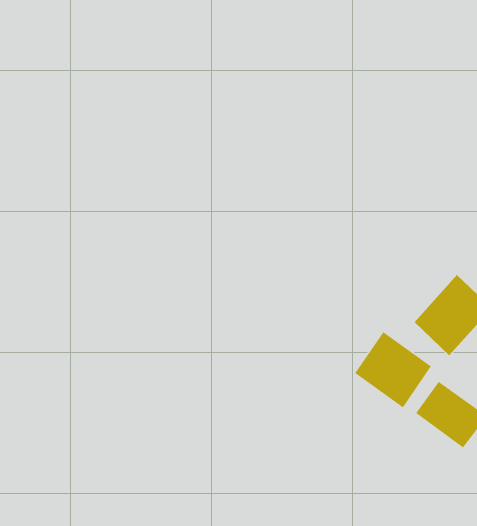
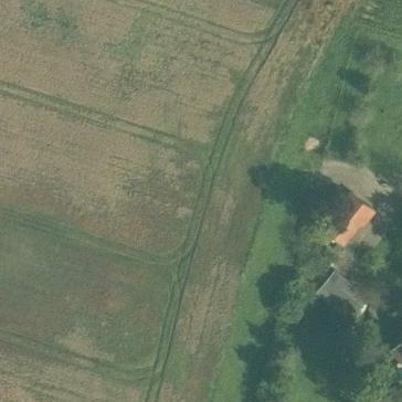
building: [354,331,432,408] -> none

